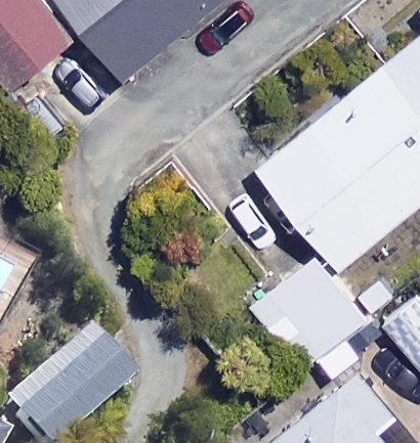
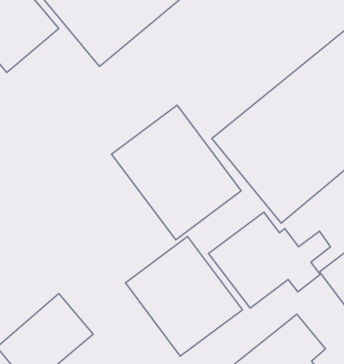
building: none -> [112,105,241,240]
building: none -> [125,237,242,356]

